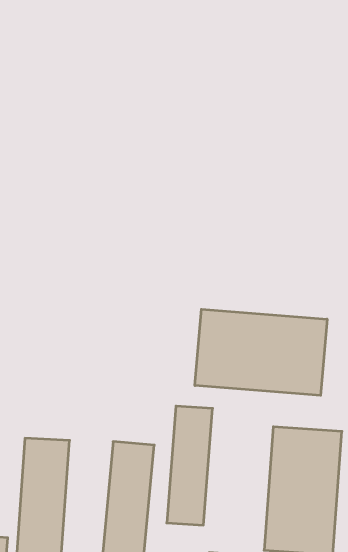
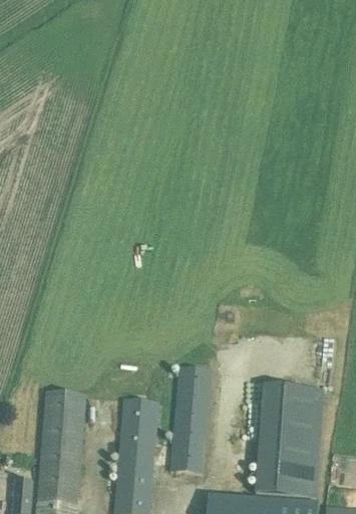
building: [195,309,327,395] -> none

